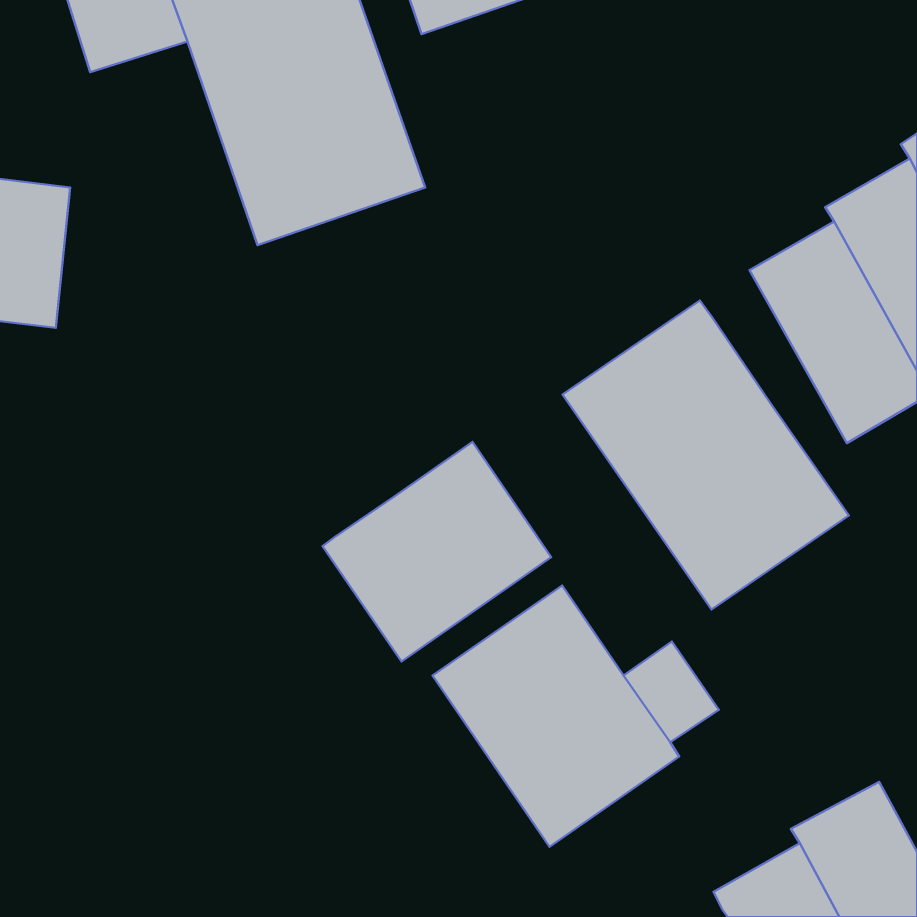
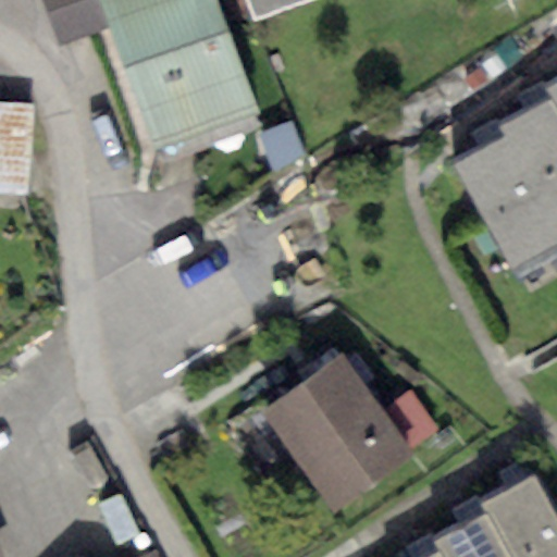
building: [562,301,849,609] -> none
building: [322,442,551,661] -> none

